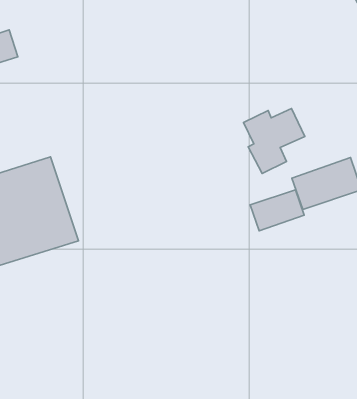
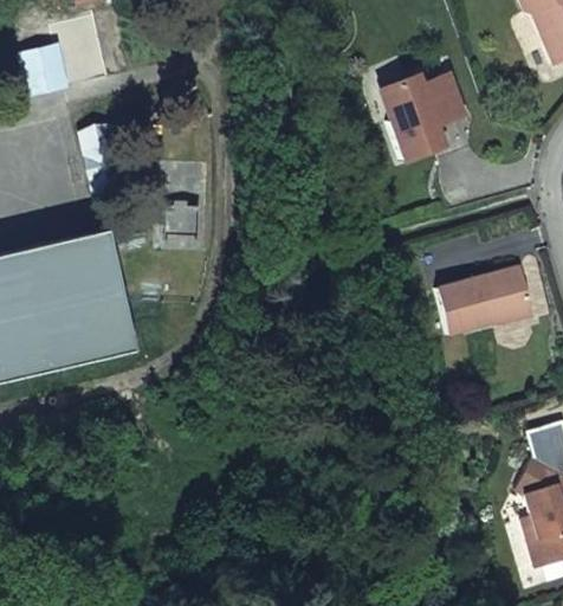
building: [244,109,305,174] -> [382,75,466,162]
building: [250,190,304,231] -> none

